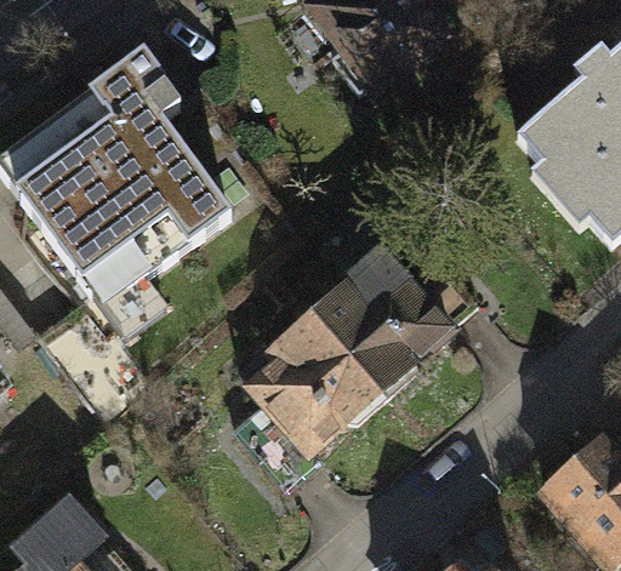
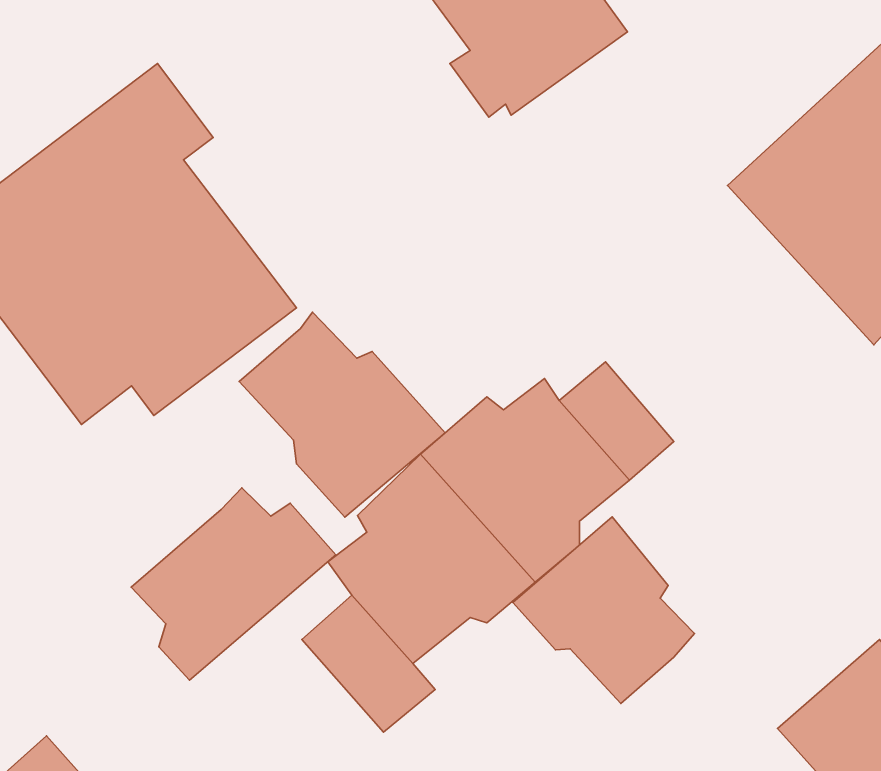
building: none -> [239,312,445,517]
building: none -> [131,488,336,680]
building: none -> [513,517,695,703]

